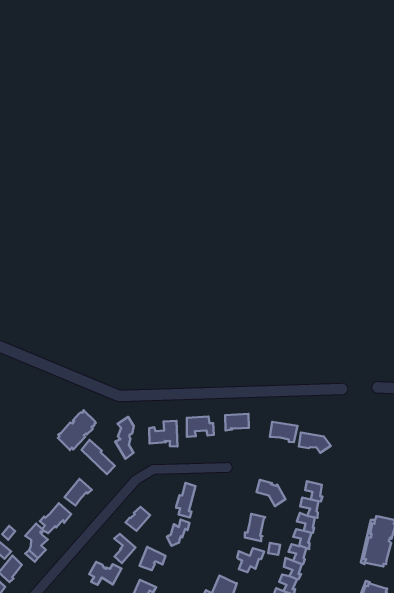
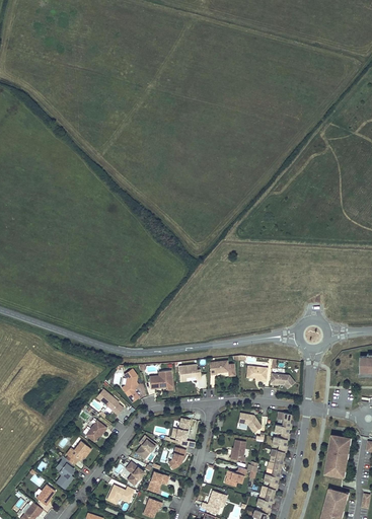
building: [58,410,96,450] -> none

